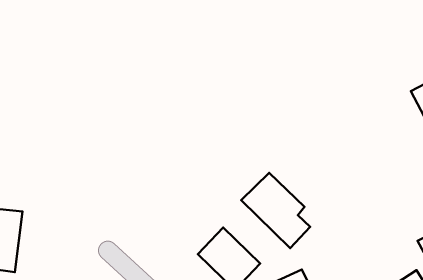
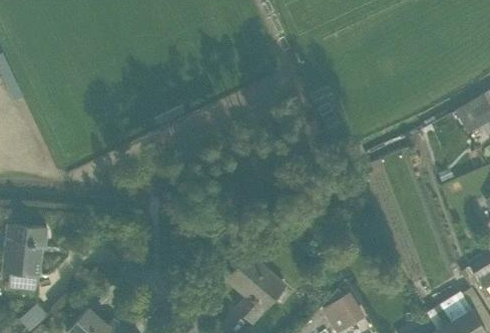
building: [241,173,310,248] -> none

